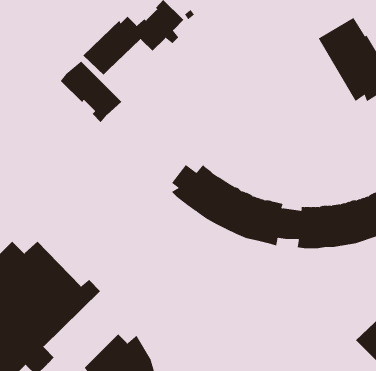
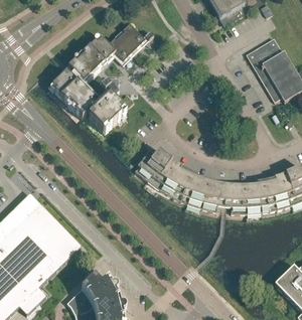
building: none -> [85,77,123,131]

